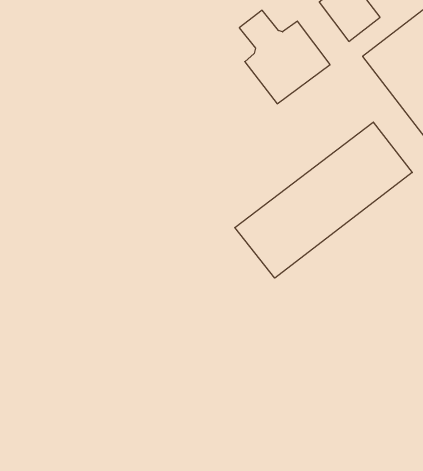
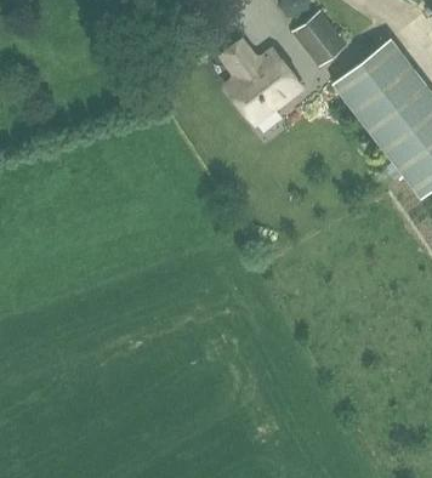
building: [235,122,412,278] -> none

